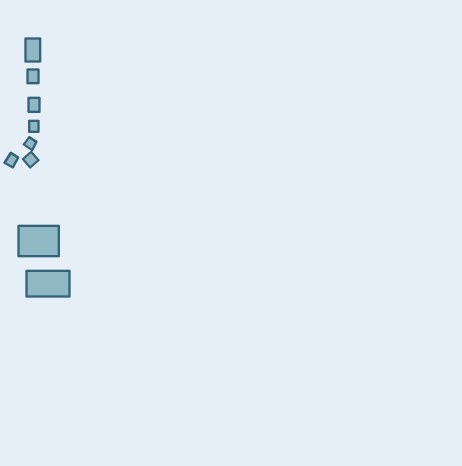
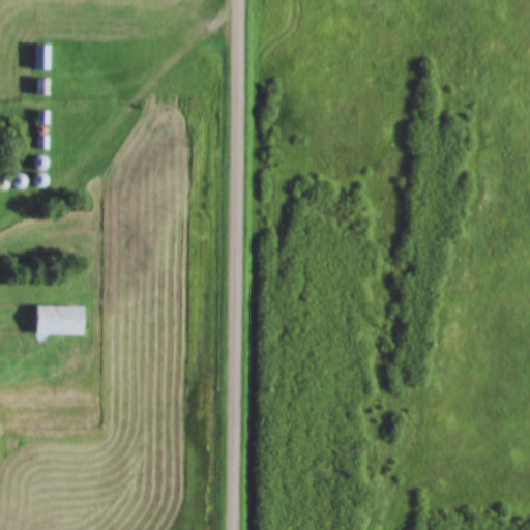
building: [19,226,59,256] -> none

